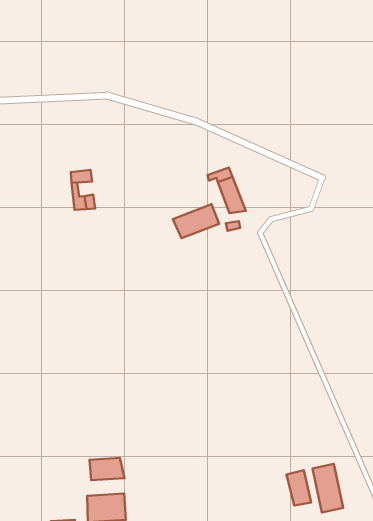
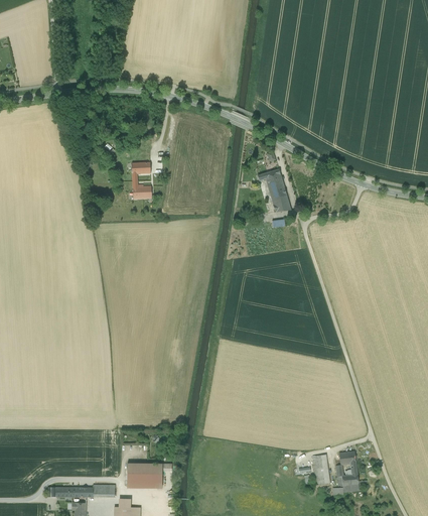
building: [173,204,219,238] -> none
building: [89,458,125,480] -> none

